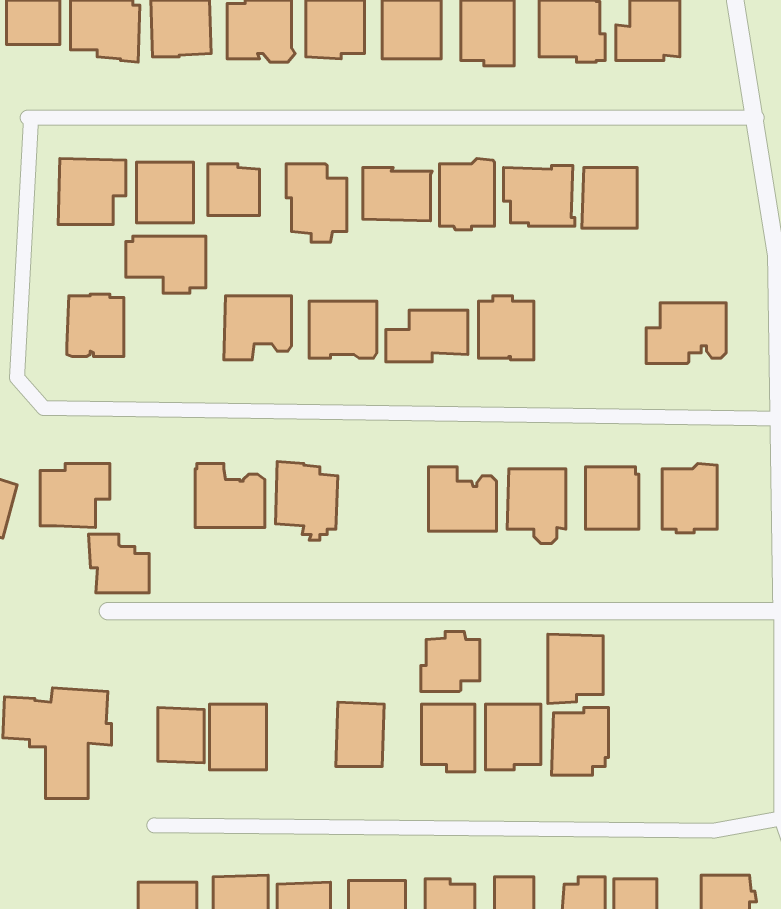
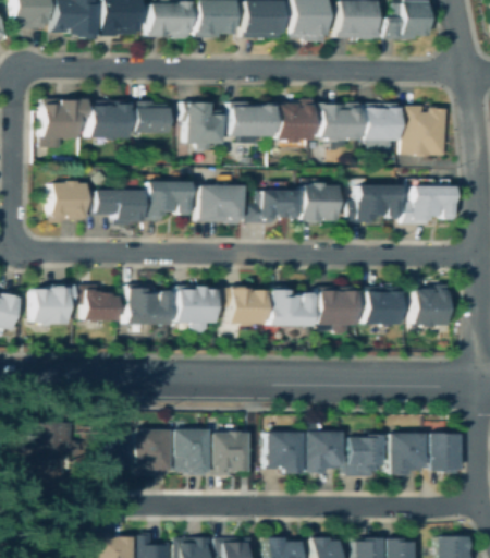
building: none -> [406,106,449,155]
building: [126,236,206,293] -> [94,190,143,225]
building: none -> [351,185,400,222]
building: none -> [225,287,268,325]
building: [89,534,149,593] -> [83,284,120,320]
building: [421,631,480,692] -> none
building: [548,634,603,704] -> [391,433,425,475]
building: none -> [180,430,216,475]
building: none -> [431,433,460,473]

